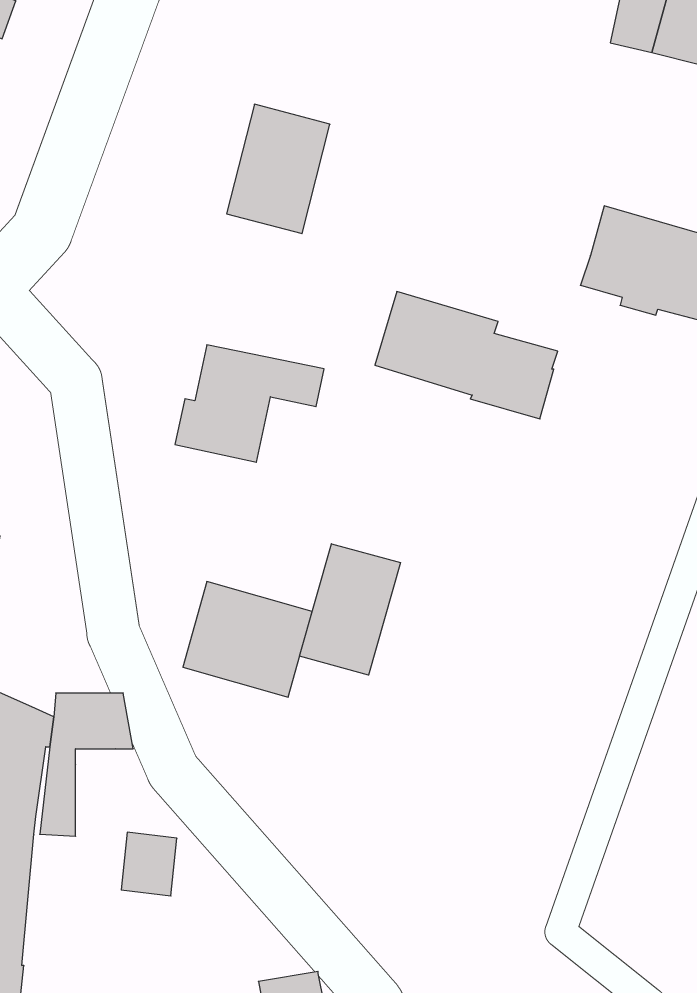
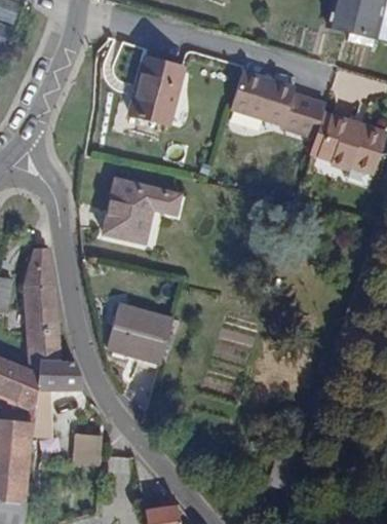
building: [375,292,558,419] -> [231,70,325,136]
building: none -> [23,248,59,374]
building: [300,544,400,675] -> none

